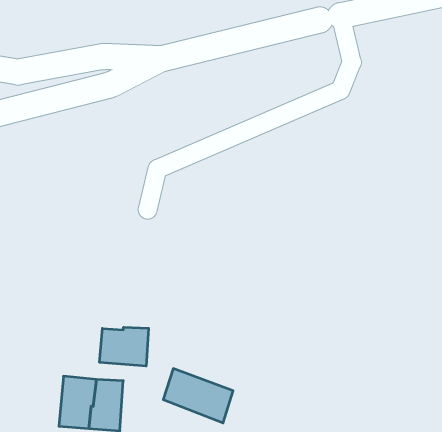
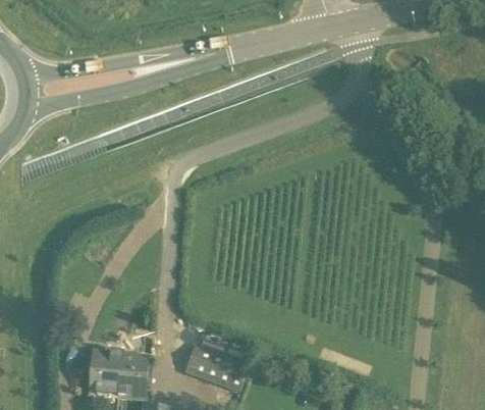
building: [100,327,149,366] -> none

